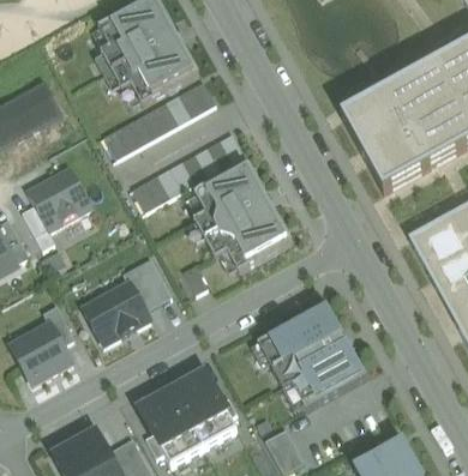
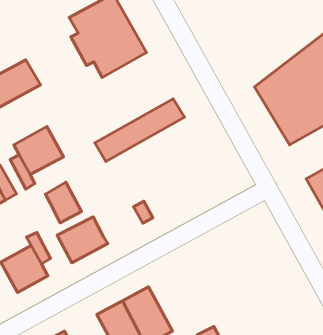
building: [104,79,217,157] -> none
building: [186,159,289,273] -> none
building: [125,257,172,309] -> [46,182,82,223]
building: [245,295,371,418] -> none

